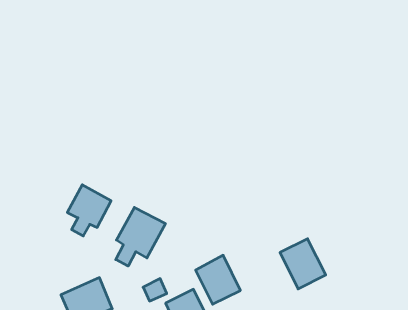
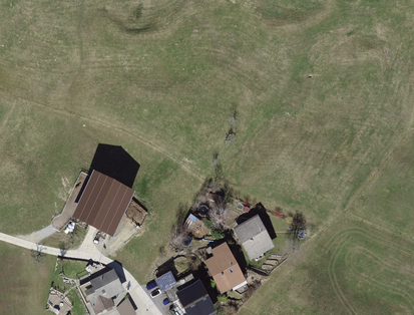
building: [116,207,165,266] -> none
building: [280,239,326,289] -> [234,214,277,261]

